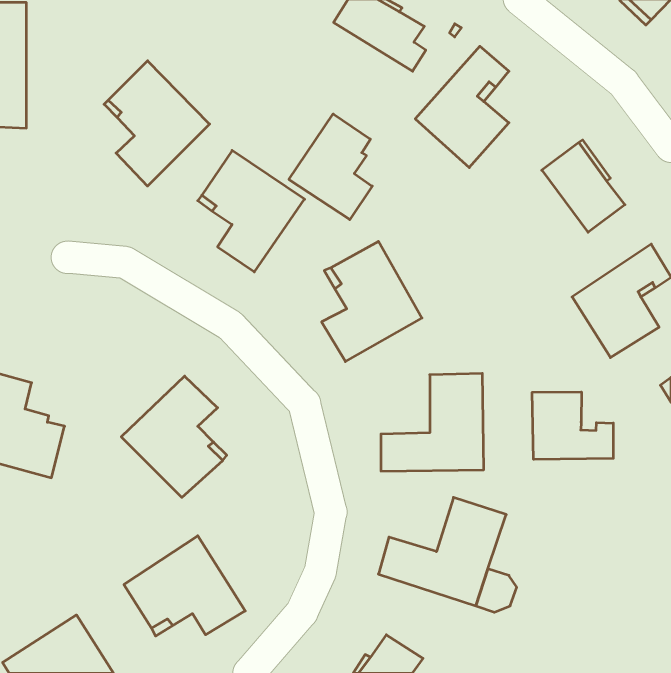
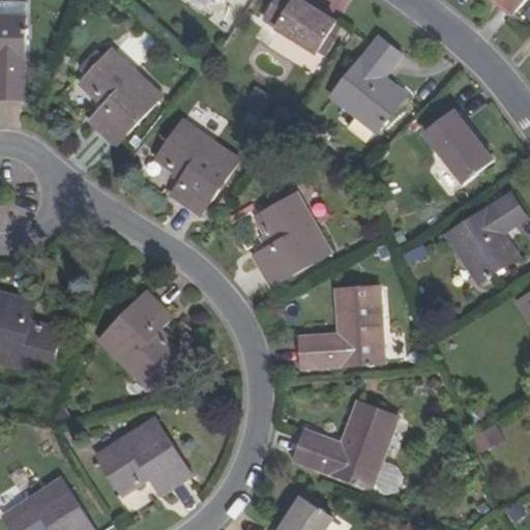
building: [289,114,372,220] -> none
building: [532,392,613,459] -> none

